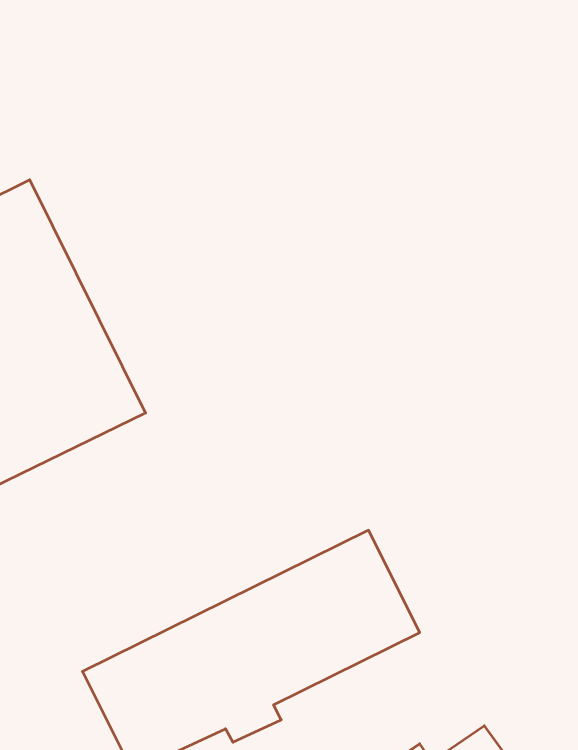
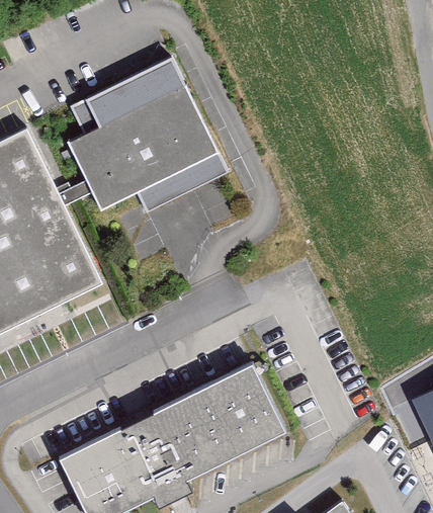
building: none -> [61,57,222,210]

